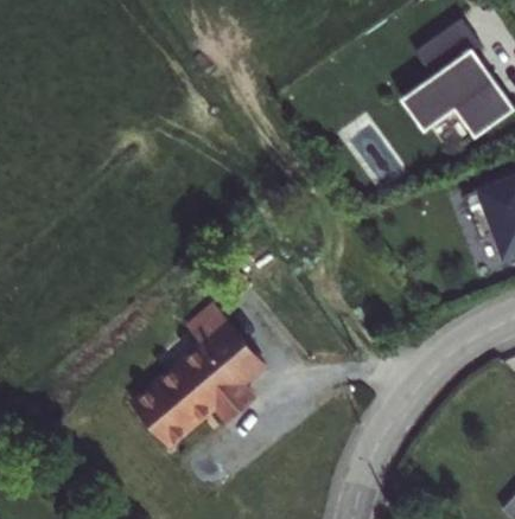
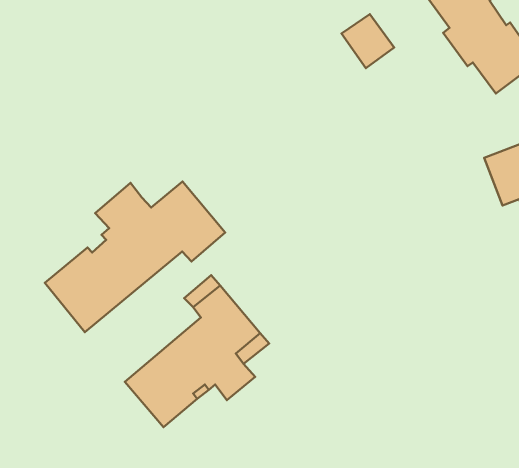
building: [401,82,450,132] -> [342,14,394,68]
building: none -> [45,182,225,332]

